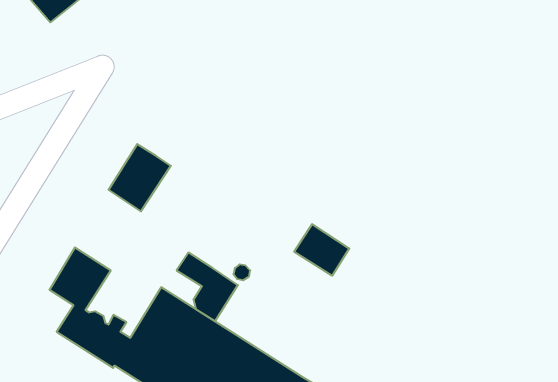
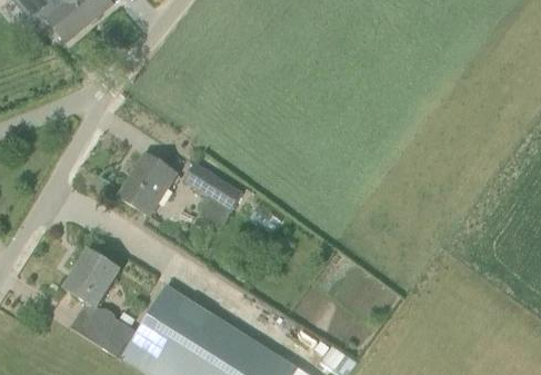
building: [294,224,349,276] -> none
building: [177,253,238,321] -> [183,162,240,226]

